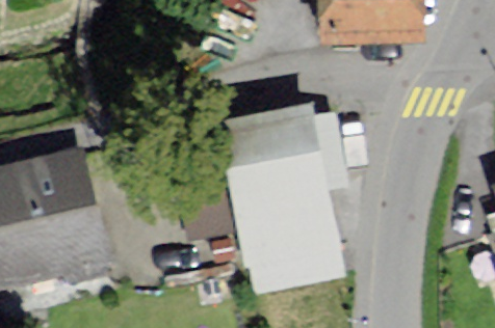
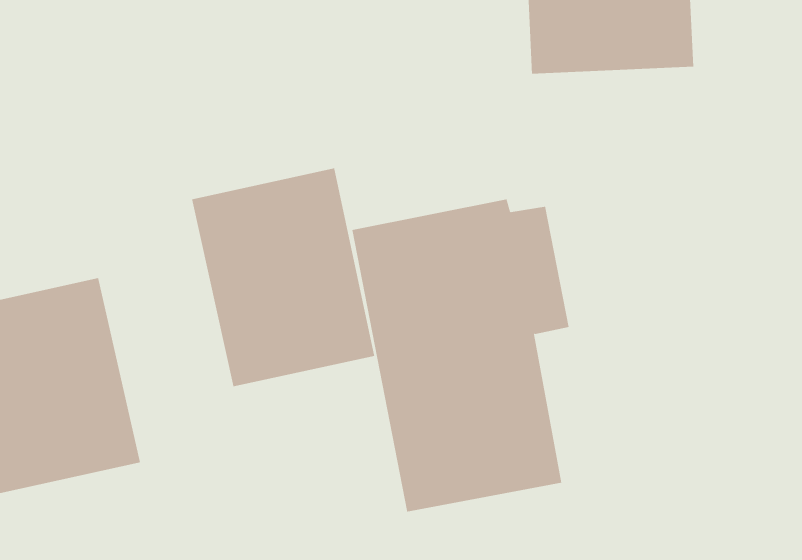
building: none -> [191,168,375,387]

